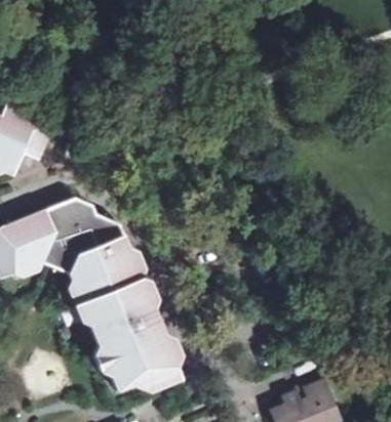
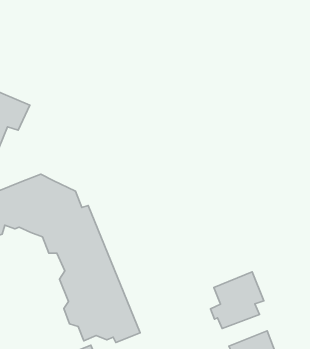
building: none -> [211,272,264,328]

